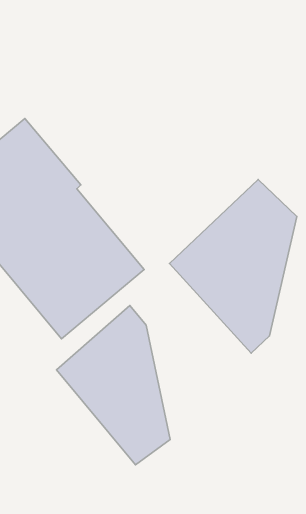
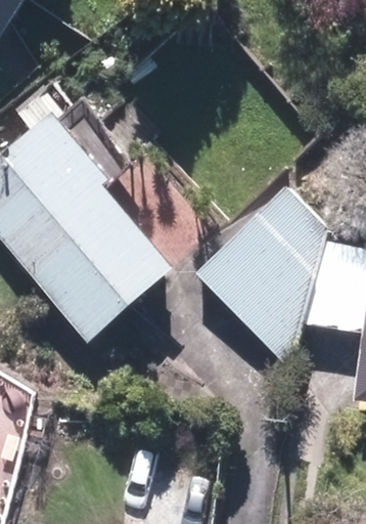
building: [56,305,170,465] -> none

